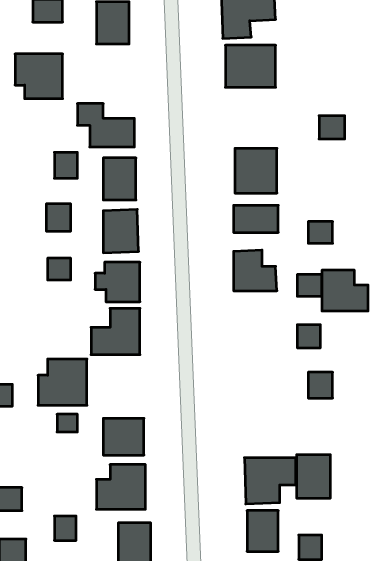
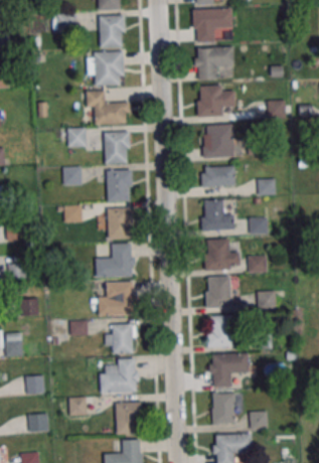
building: [15,54,63,99] -> [89,52,124,86]
building: none -> [197,87,233,117]
building: [322,270,368,311] -> [205,240,240,270]
building: none -> [206,277,230,308]
building: [38,359,87,405] -> [100,282,136,316]
building: [297,455,330,498] -> [208,316,233,348]

